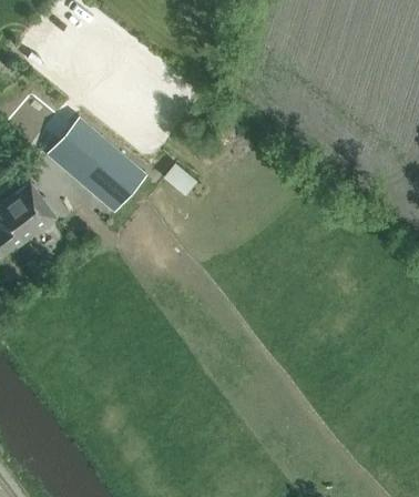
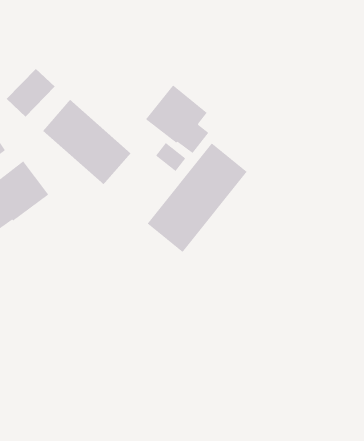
building: none -> [145,84,209,154]
building: none -> [147,143,248,253]

